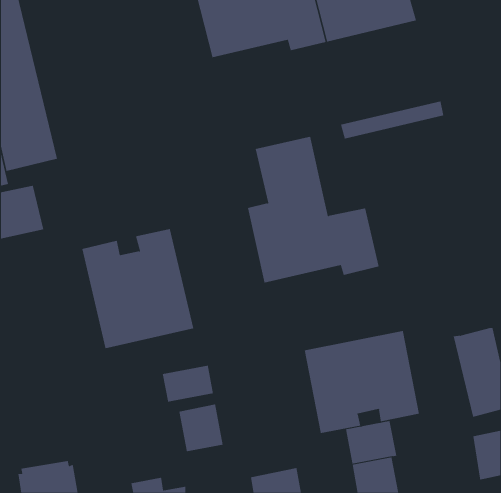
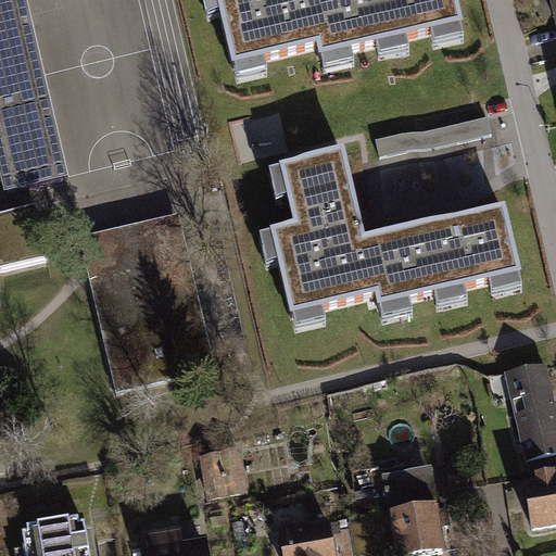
building: none -> [405,206,520,295]
building: none -> [80,208,189,282]
building: [304,330,420,434] -> none
building: [162,365,214,402] -> none

